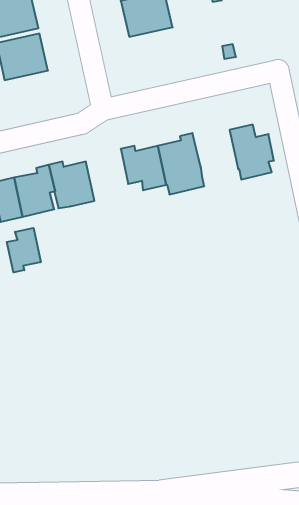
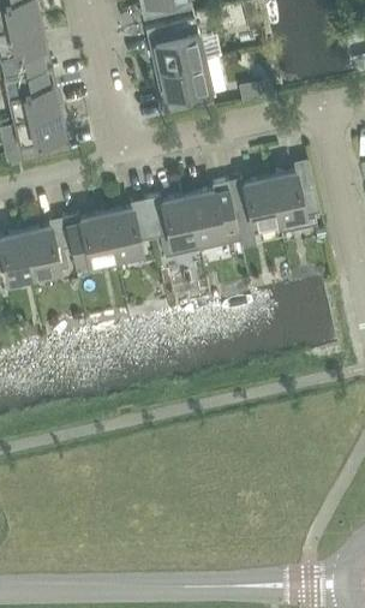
building: none -> [154,61,213,114]
building: none -> [12,111,70,163]
building: none -> [226,178,277,228]
building: none -> [104,199,152,258]
building: [7,228,41,272] -> none

